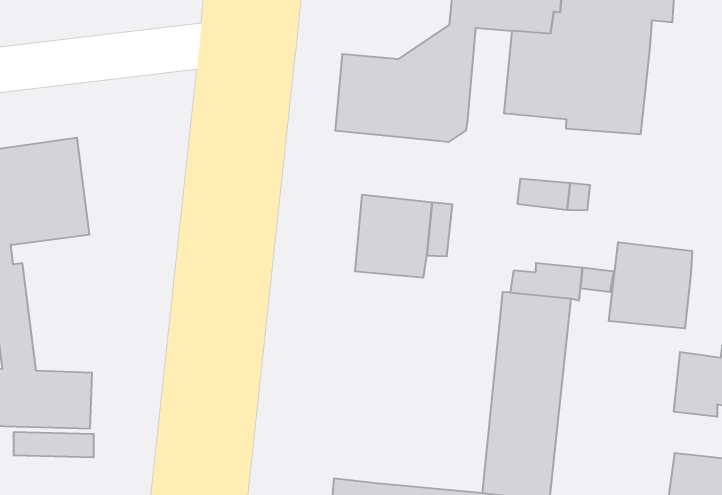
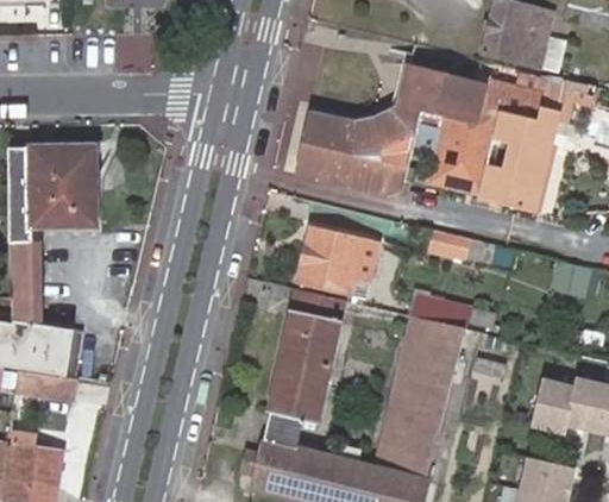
building: [609,242,692,329] -> none
building: none -> [260,289,344,451]

